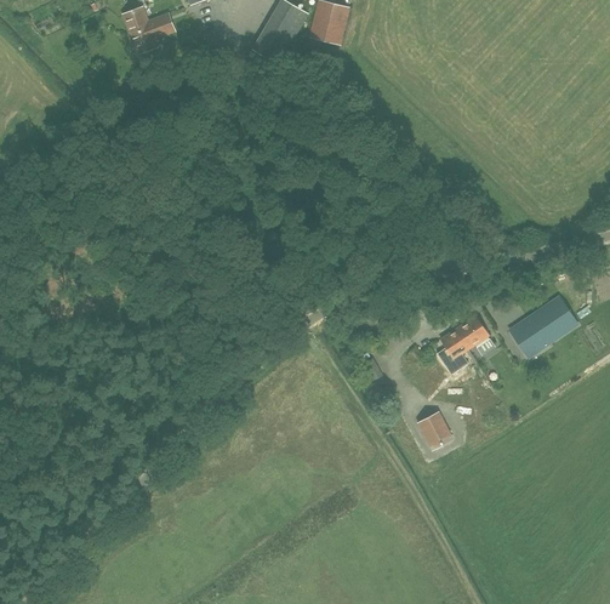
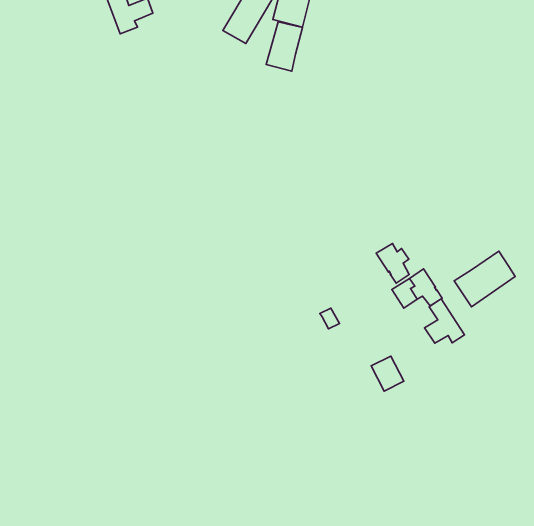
building: none -> [266,22,303,71]
building: none -> [376,243,409,283]
building: none -> [424,299,464,343]

